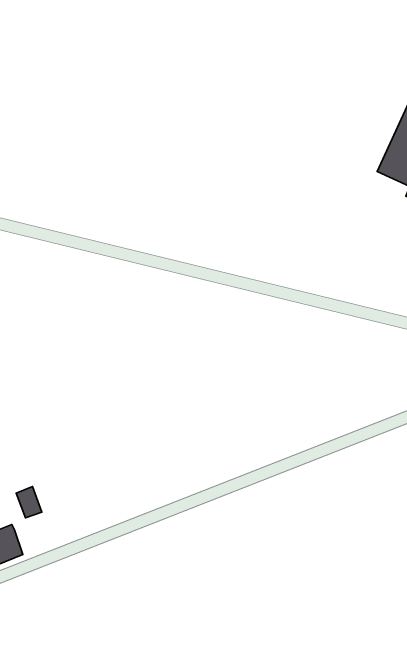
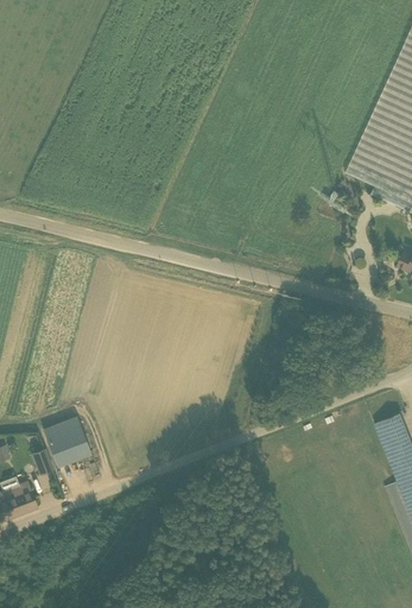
building: none -> [44,425,89,466]

